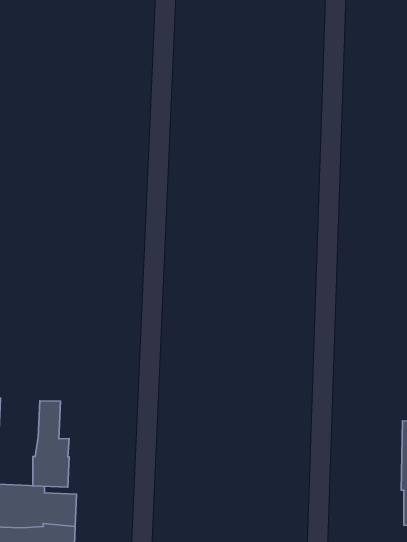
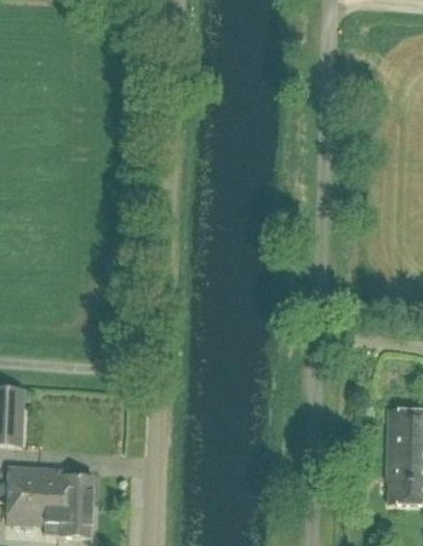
building: [33,401,69,487] -> none

